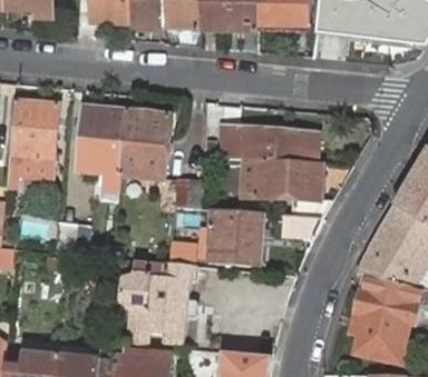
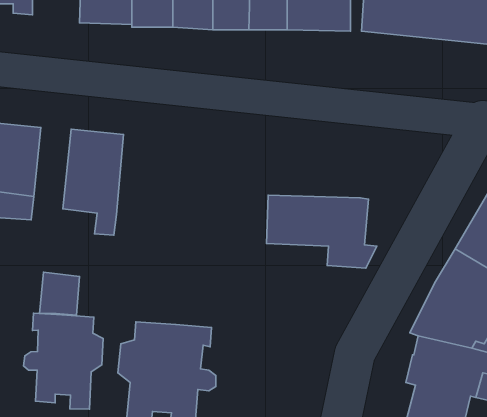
building: [119,109,202,208] -> none
building: [220,121,319,160] -> none
building: [208,209,264,266] -> none
building: none -> [23,313,103,409]

